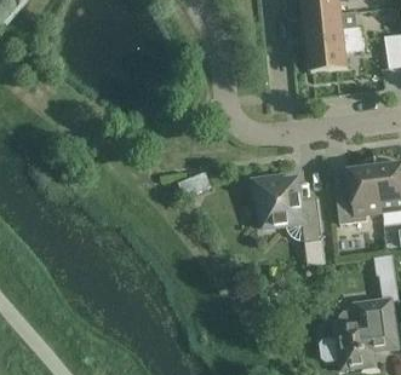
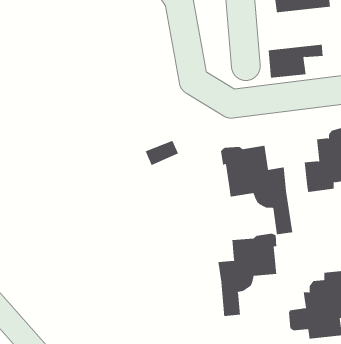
building: [307,38,362,71] -> [268,44,324,78]
building: none -> [218,233,277,317]

